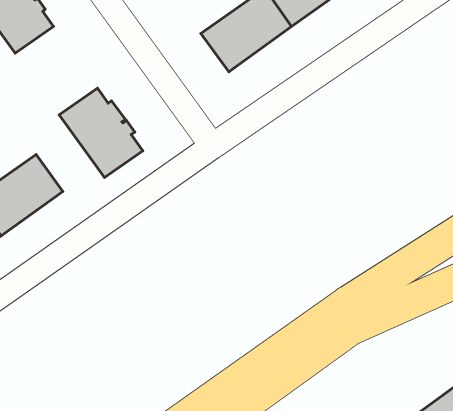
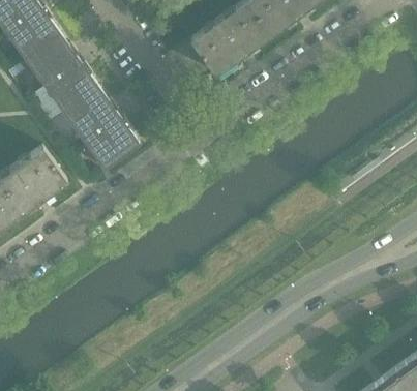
building: none -> [25,34,98,113]

